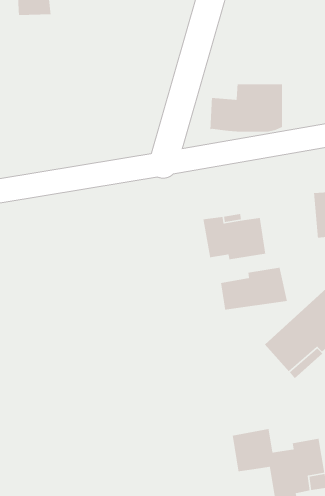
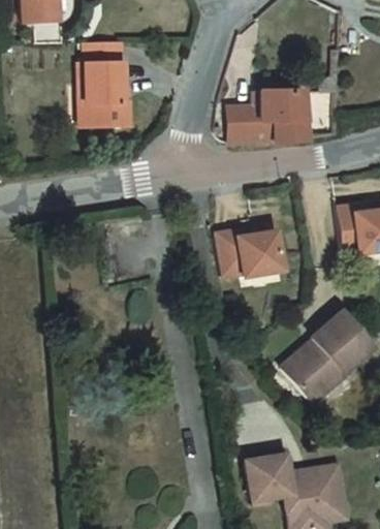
building: none -> [78,41,130,124]
building: [220,267,288,311] -> none

